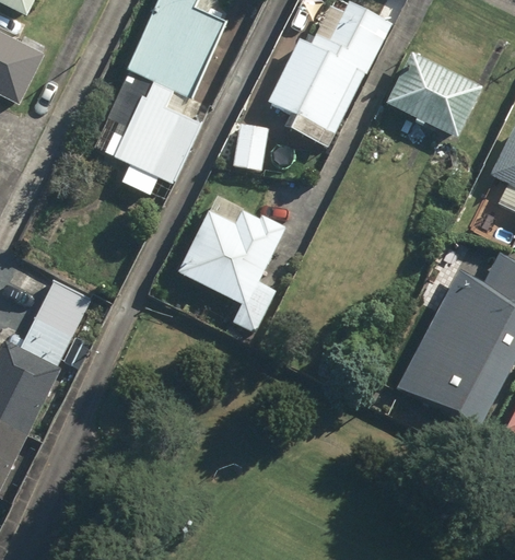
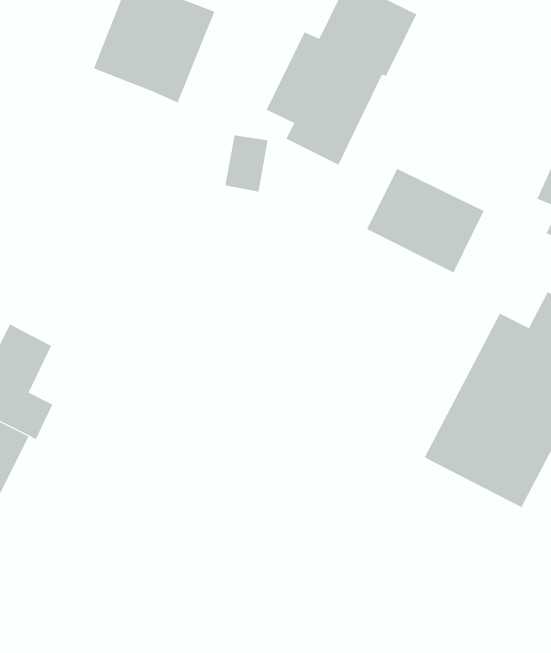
building: [385,51,482,138] -> [366,168,484,273]
building: [98,70,198,199] -> none
building: [176,195,285,332] -> none

